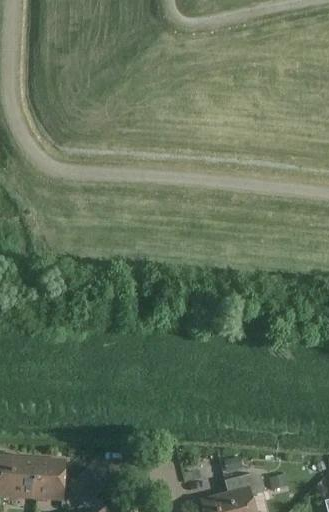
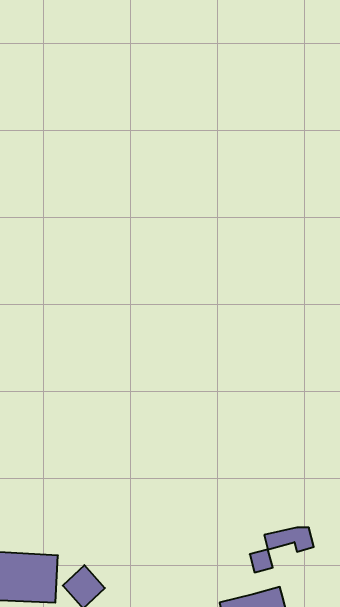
building: [226,475,267,495] -> [264,528,314,552]

